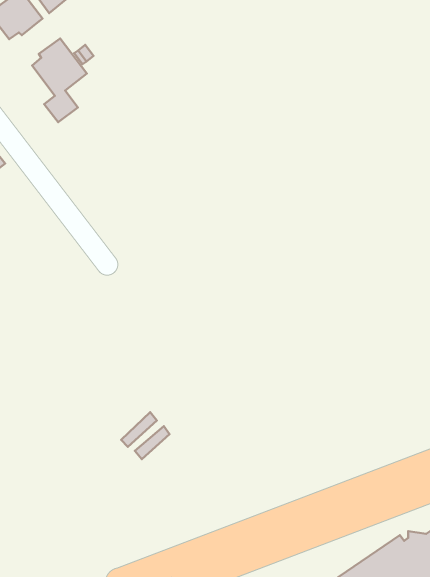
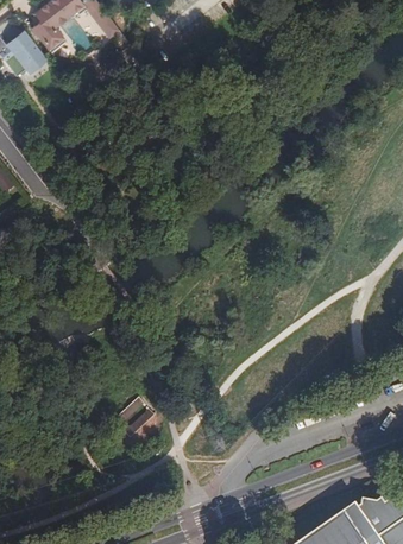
building: [32,39,87,122] -> none

